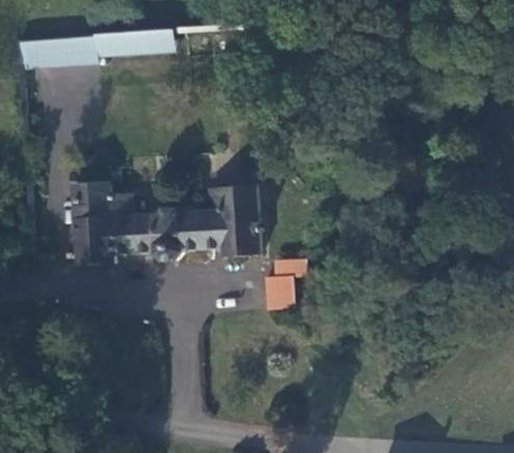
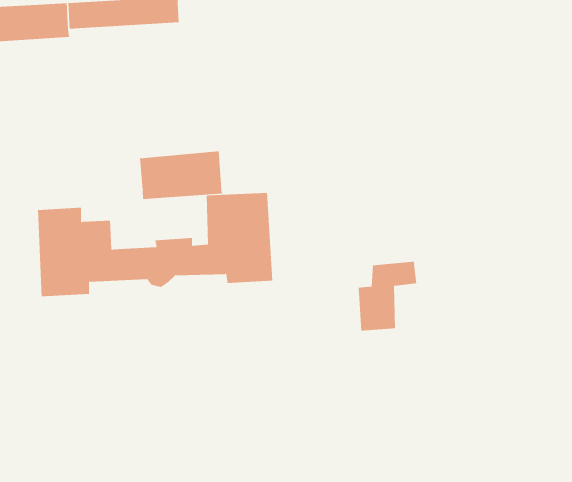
building: none -> [140,150,222,200]
building: [262,258,308,312] -> [358,261,417,331]

